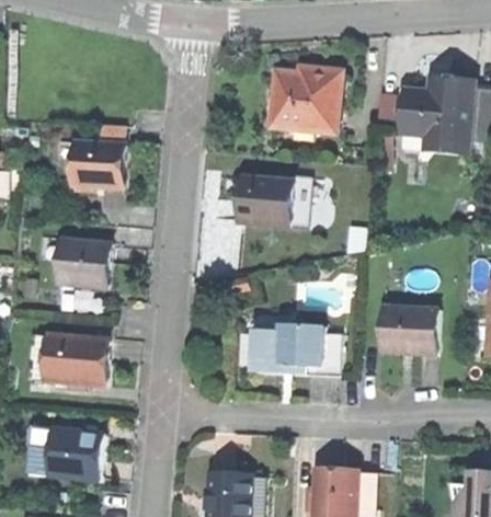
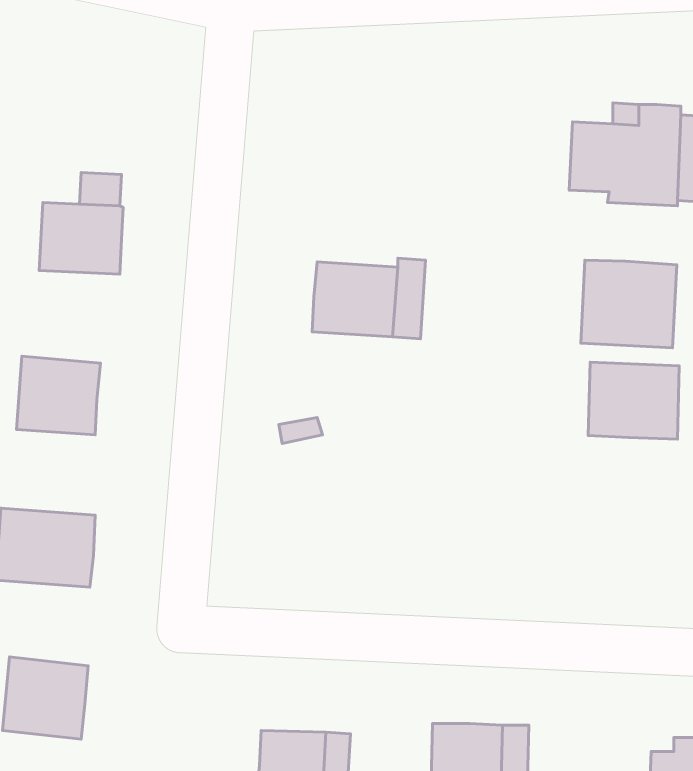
building: [272,68,340,130] -> none
building: none -> [581,260,677,348]
building: [380,307,437,355] -> [588,362,679,439]
building: [256,324,341,376] -> none

